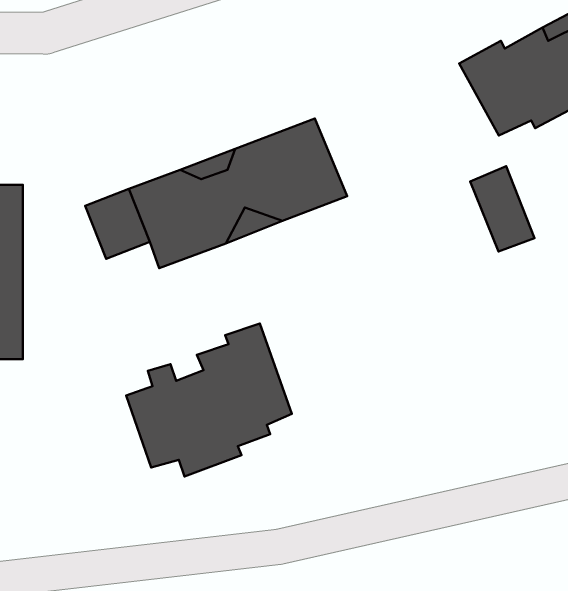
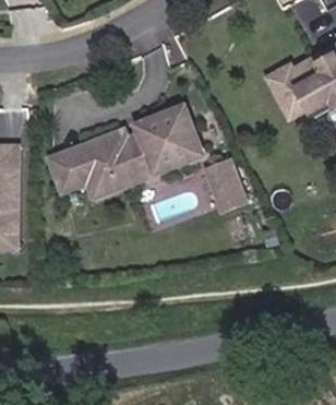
building: [470,166,535,252] -> [208,160,245,210]
building: [126,323,292,477] -> none

